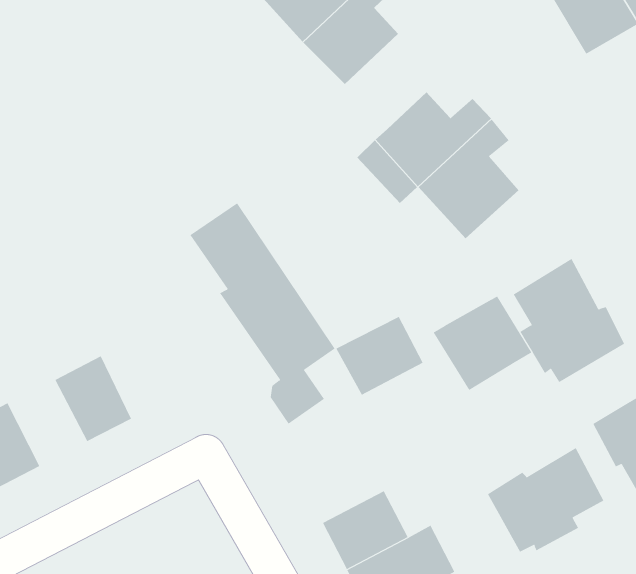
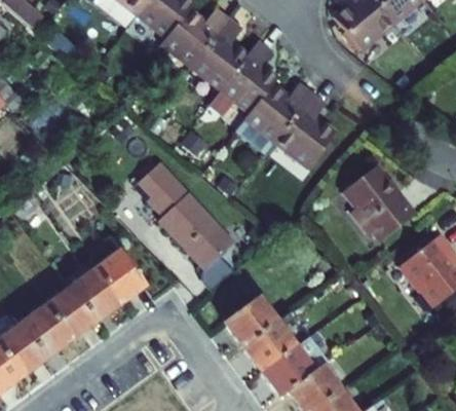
building: none -> [207,38,275,112]
building: [433,295,532,391] -> none
building: [336,316,423,395] -> [224,298,277,348]
building: none -> [98,250,148,303]
building: none -> [46,287,97,339]
building: [487,447,604,553] -> none

